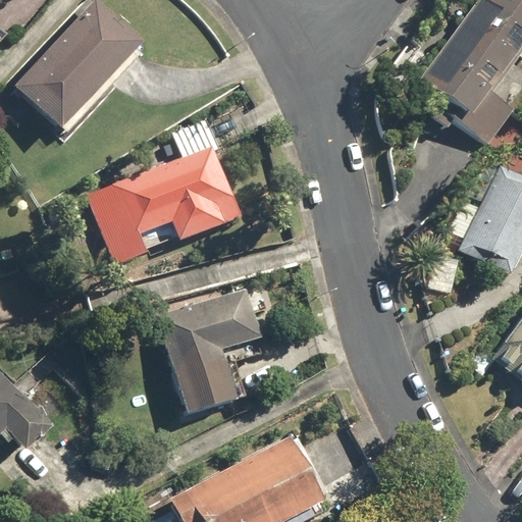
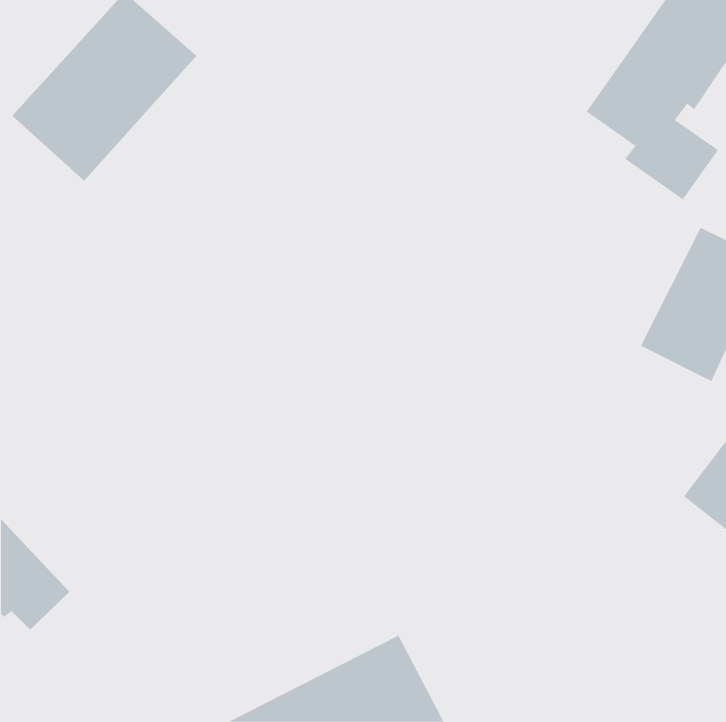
building: [89,145,243,264] -> none
building: [156,284,261,413] -> none

